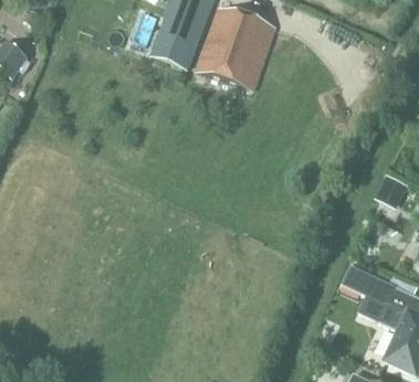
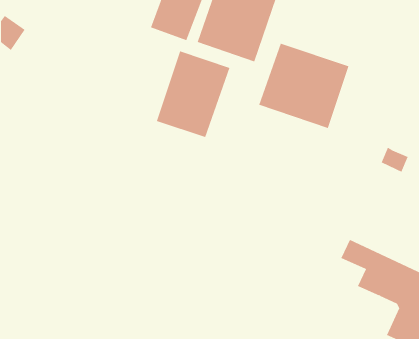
building: none -> [259,43,349,129]
building: none -> [156,50,230,138]

